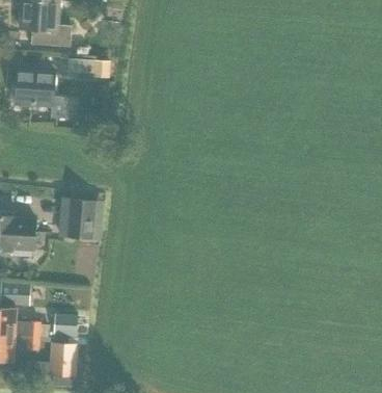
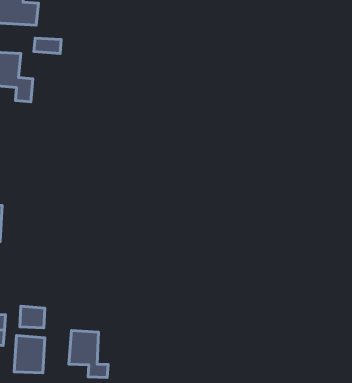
building: [66,199,97,240] -> none
building: none -> [69,330,108,377]

